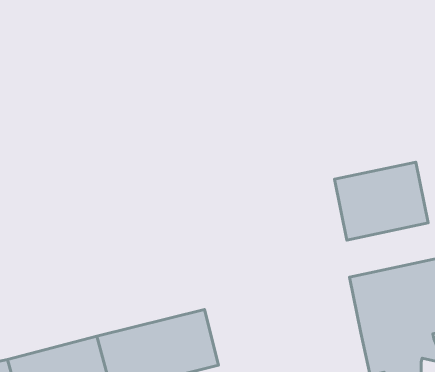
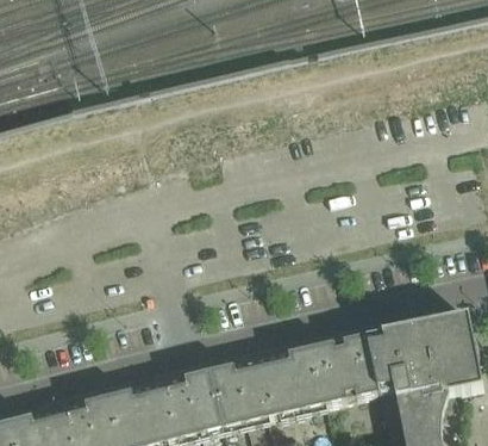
building: [335,162,428,240] -> none
building: none -> [219,332,380,422]

